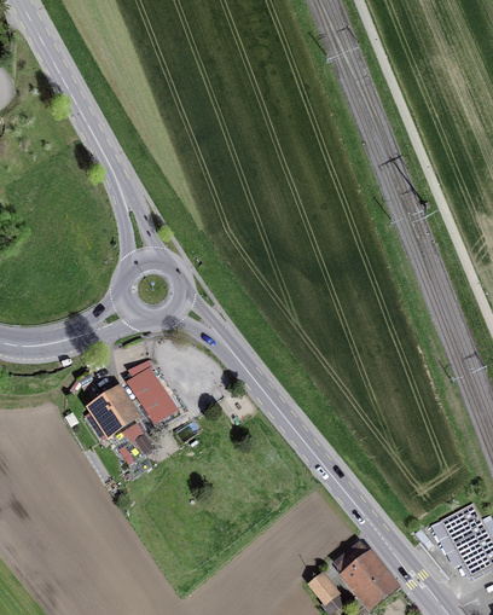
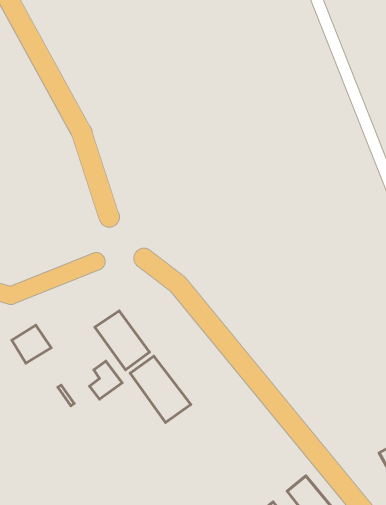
building: [88,391,132,434] -> [12,325,51,363]
building: none -> [130,356,191,423]

